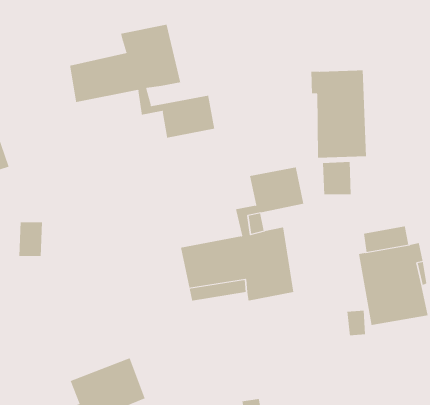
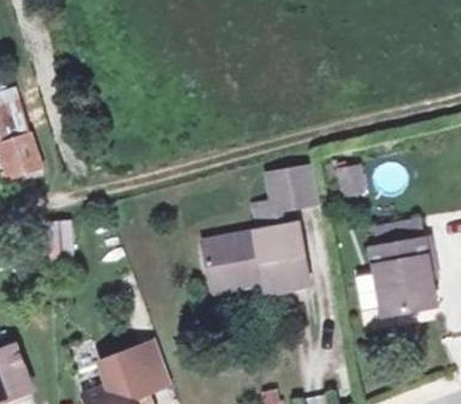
building: [70,24,215,139] -> none
building: [311,69,367,159] -> none

